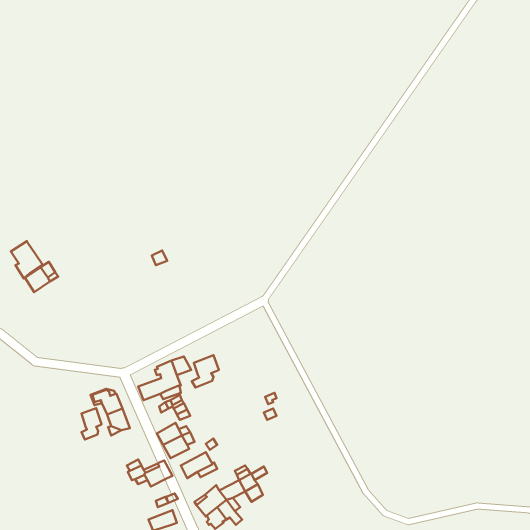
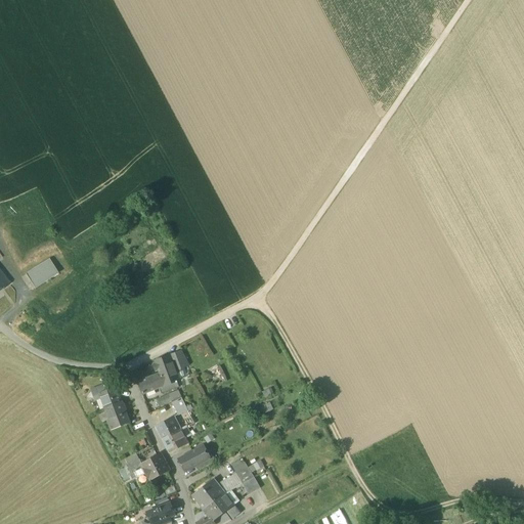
building: [11,241,43,278] -> none
building: [192,355,219,388] -> none
building: [81,408,102,439] -> none

